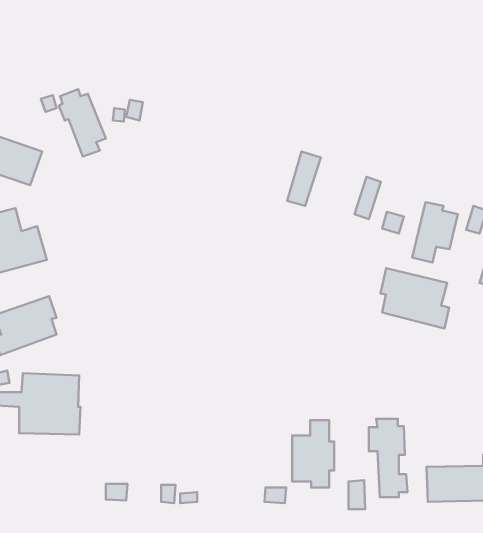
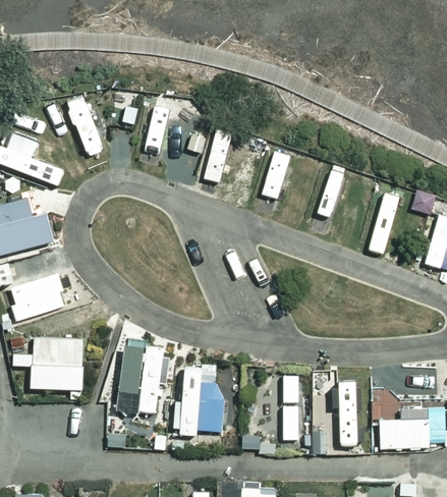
building: [380,268,449,328] -> none
building: none -> [120,344,171,412]
building: none -> [172,366,225,435]

